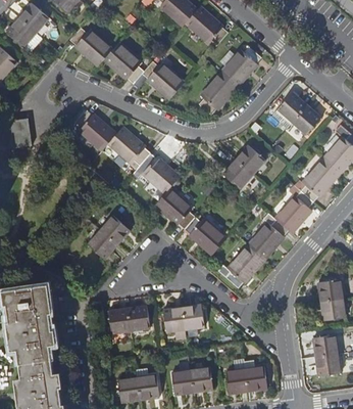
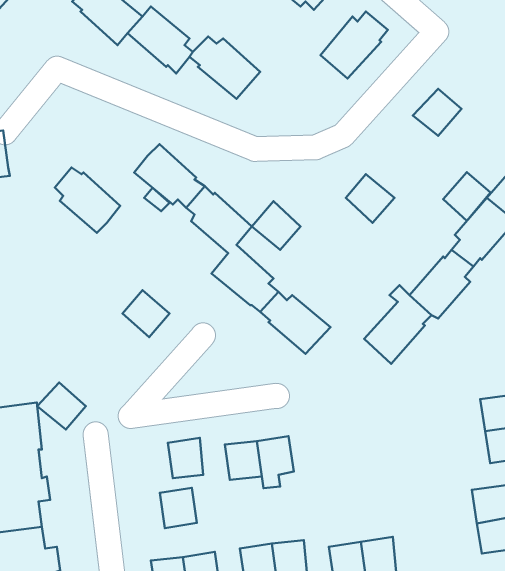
building: [198,73,237,115] -> none
building: [292,105,320,135] -> [443,172,490,221]
building: [75,110,115,150] -> [55,167,120,233]
building: [222,160,252,189] -> [252,201,300,250]
building: [87,230,116,259] -> [37,383,86,430]
building: [215,245,263,288] -> none
building: [108,309,131,333] -> [160,488,197,528]

